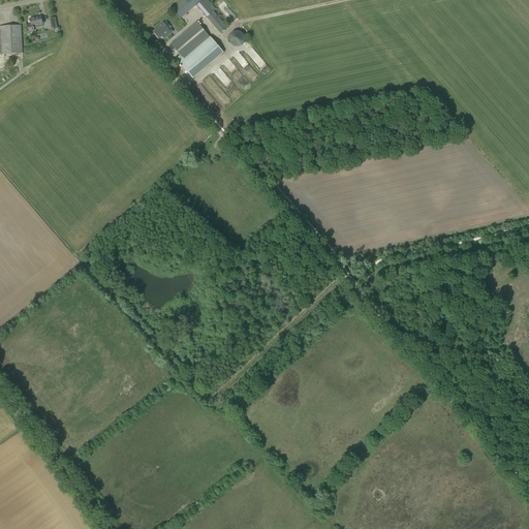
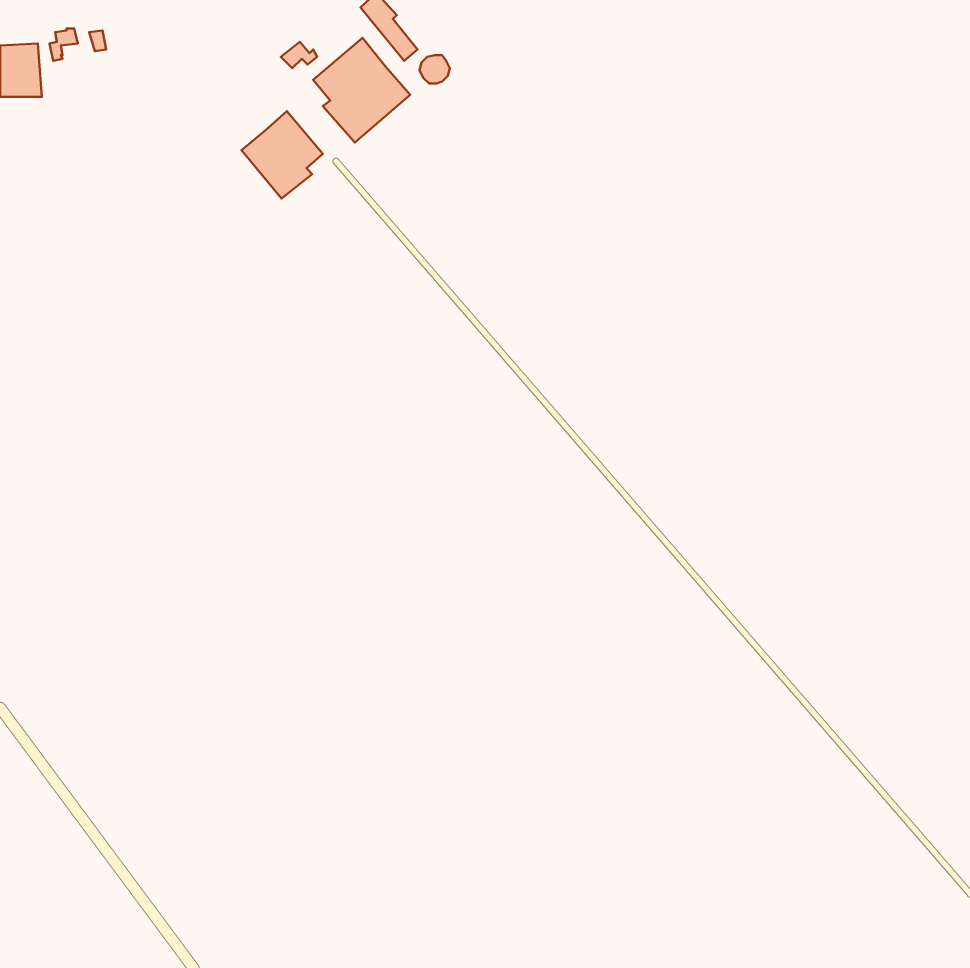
building: none -> [241,111,323,199]

